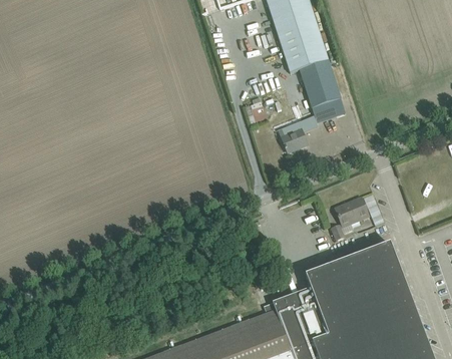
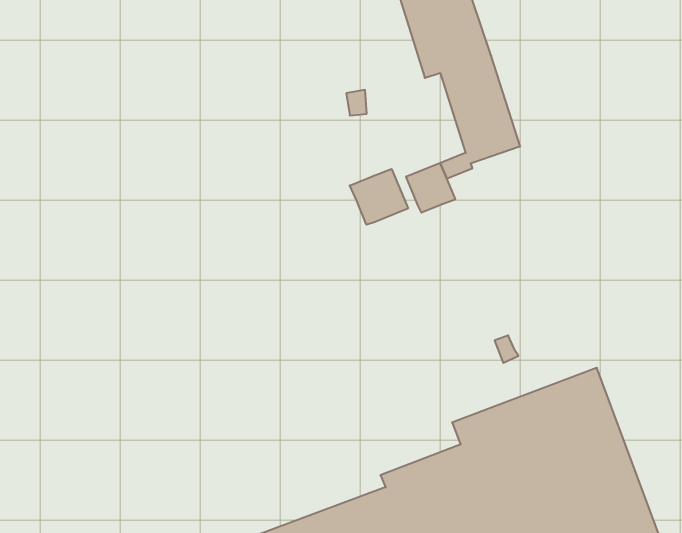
building: none -> [350,169,408,225]
building: [335,195,371,225] -> none

